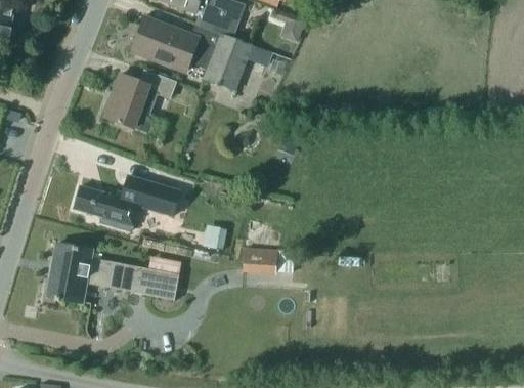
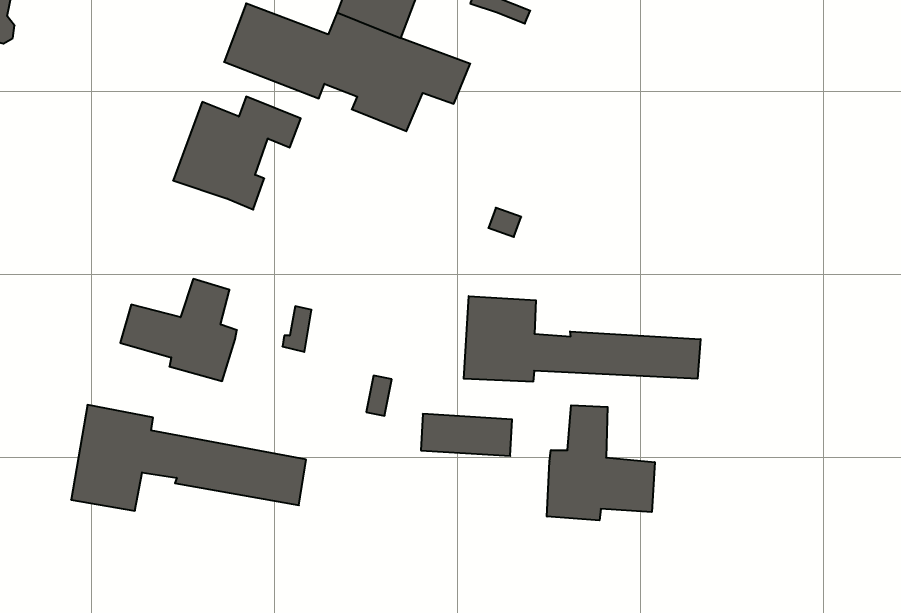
building: [130,178,168,212] -> none
building: none -> [464,296,701,382]
building: none -> [547,405,655,520]

